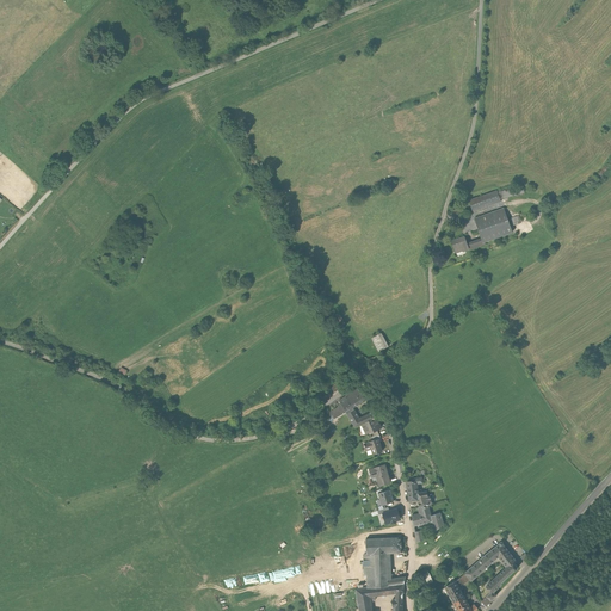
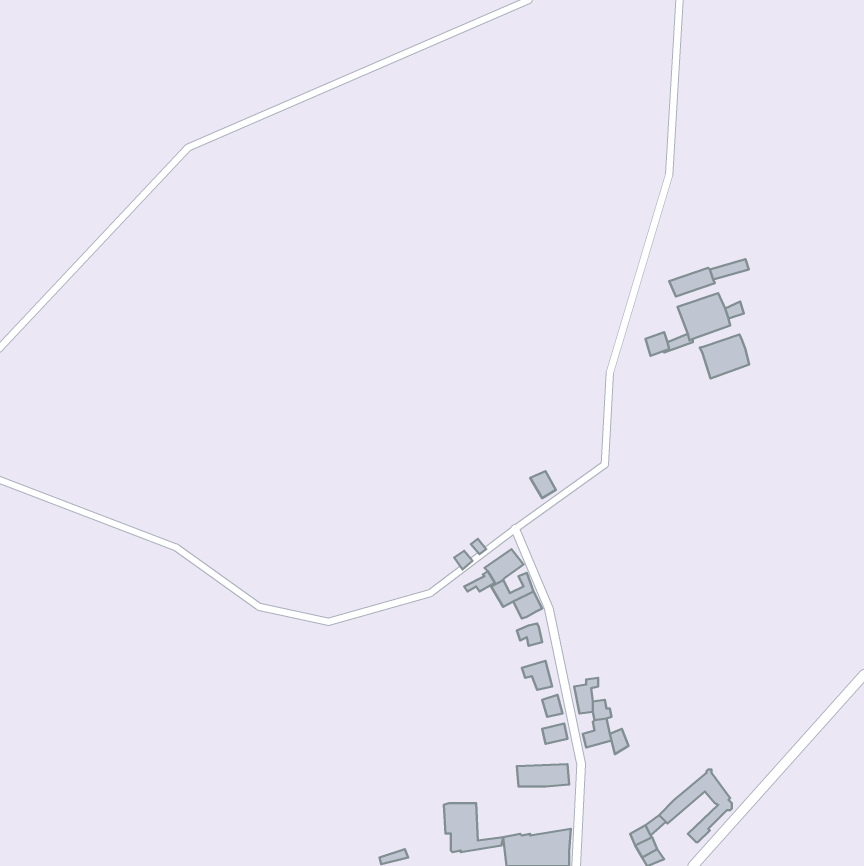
building: none -> [700,335,749,378]
building: [362,554,403,588] -> [444,803,503,852]

